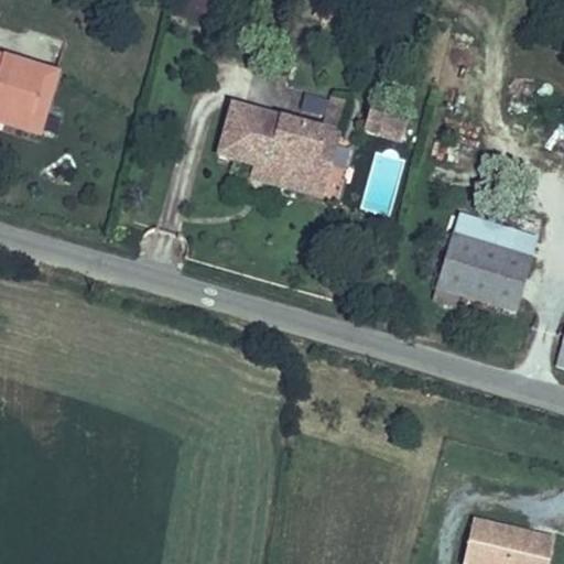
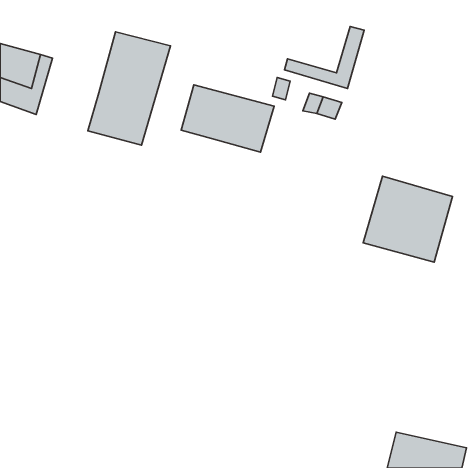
building: none -> [88,32,170,145]
building: [249,127,344,200] -> [285,27,364,88]

